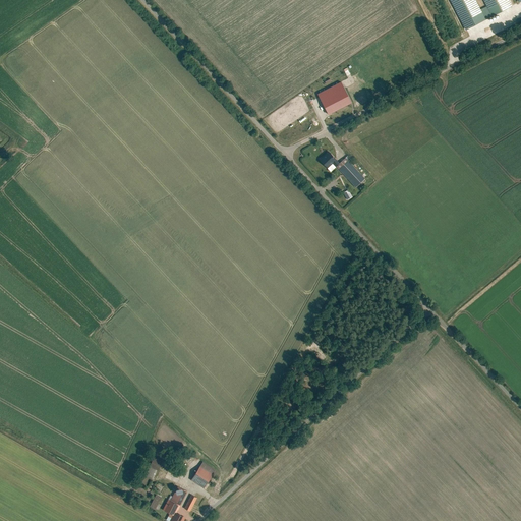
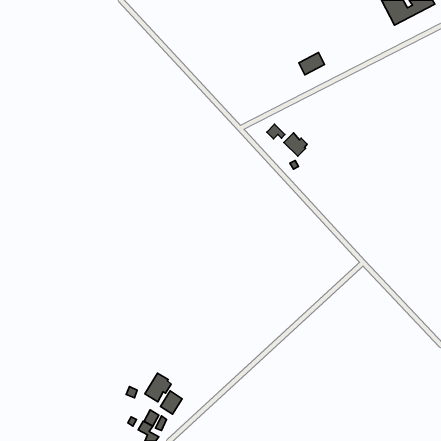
building: [322,88,352,114] -> [299,53,325,75]
building: none -> [145,373,171,402]

